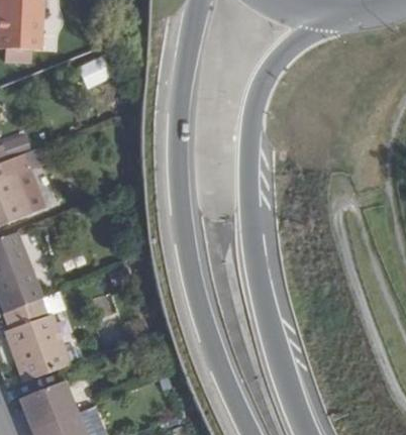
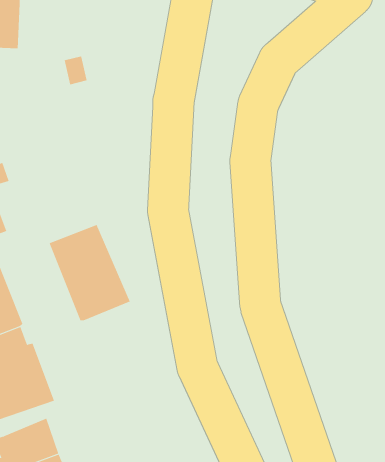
building: none -> [49,224,131,321]

